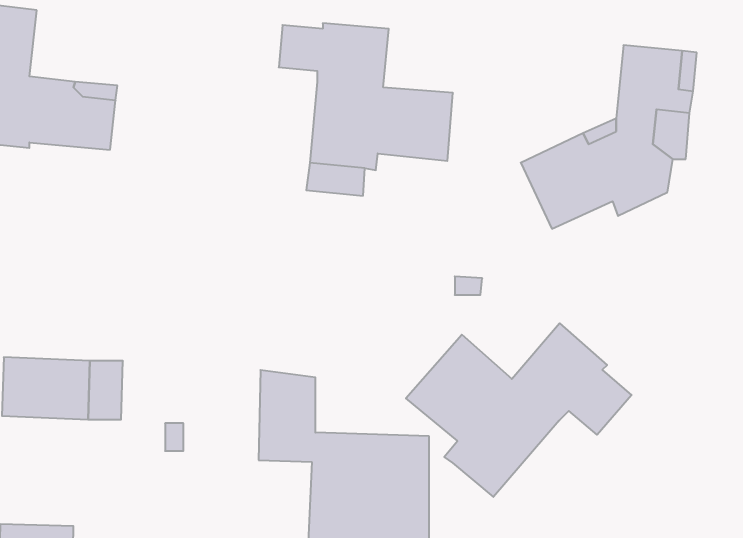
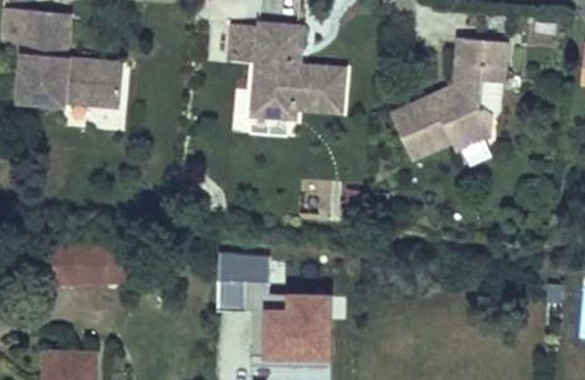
building: [406,323,632,497] -> none

